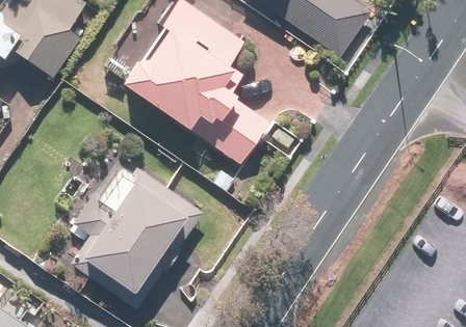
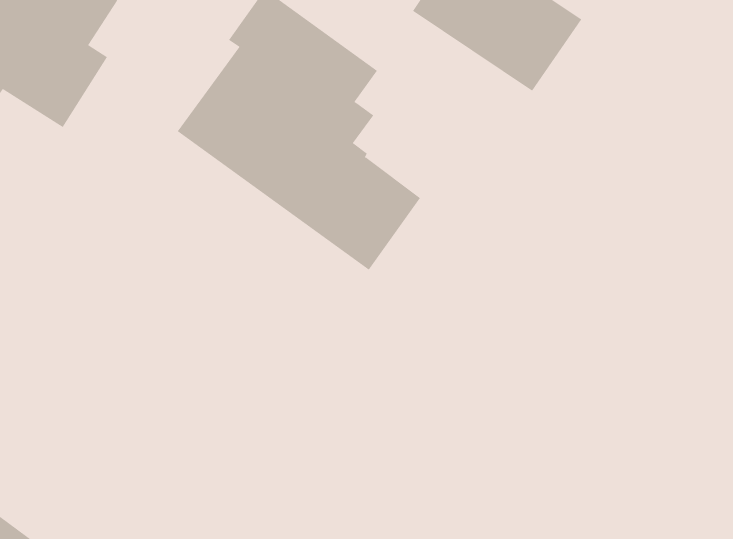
building: [64,157,201,309] -> none

